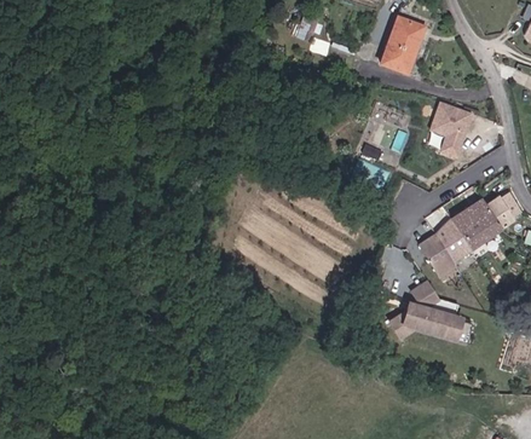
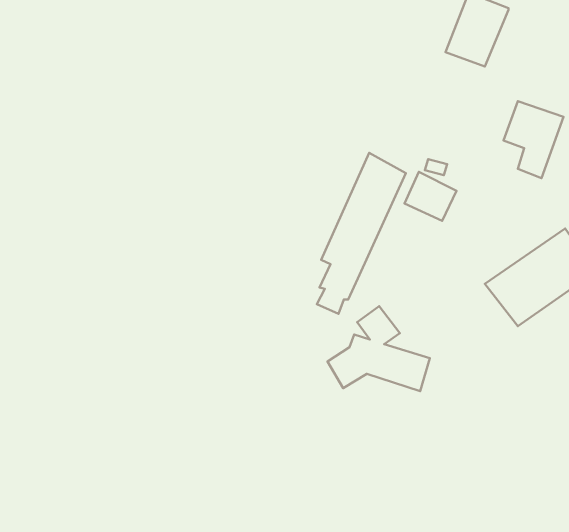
building: none -> [317,153,406,314]
building: [387,279,466,345] -> [327,306,430,391]

